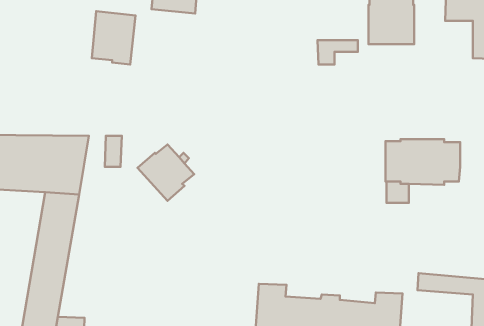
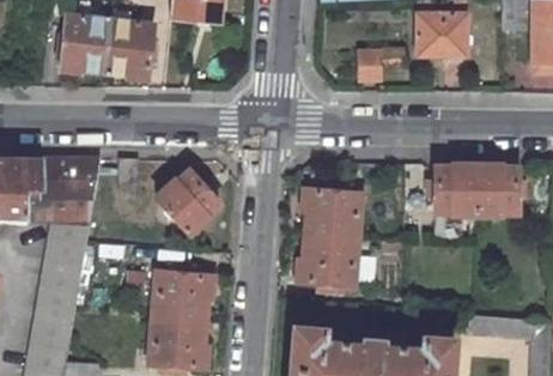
building: none -> [60,14,109,72]
building: none -> [297,188,361,285]
building: none -> [148,271,213,368]

